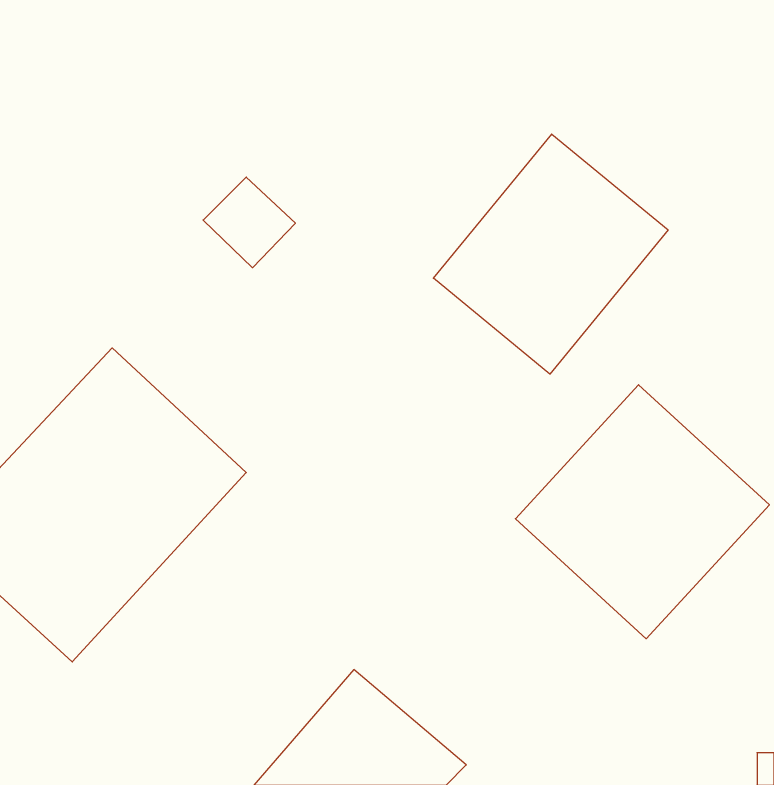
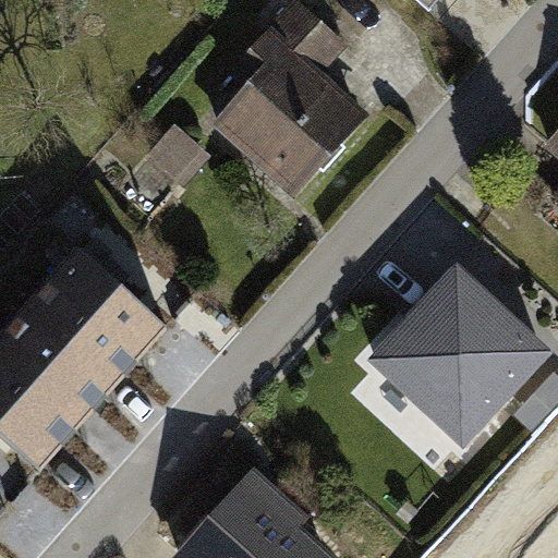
building: none -> [194,24,363,190]
building: [433,134,668,374] -> none

